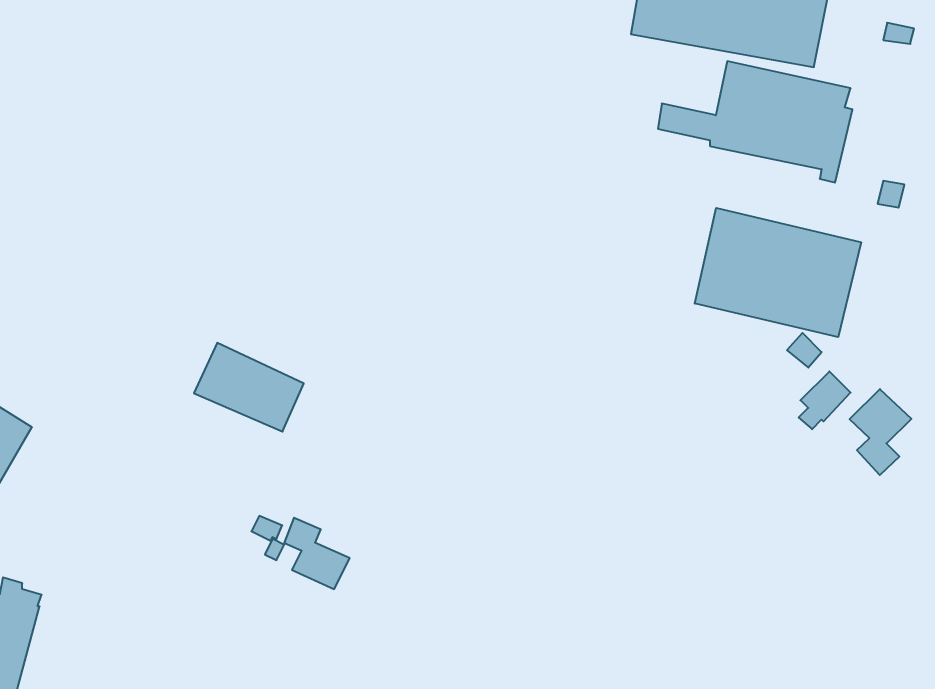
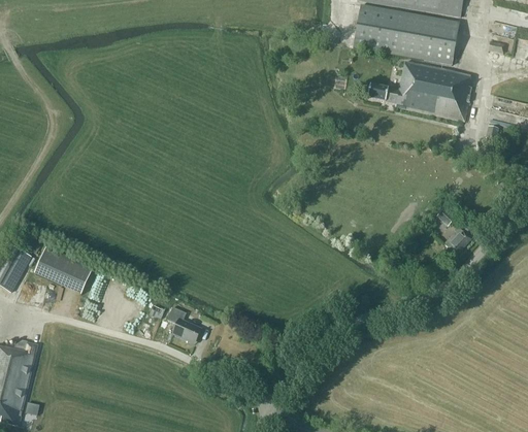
building: [695,208,861,337] -> none
building: [194,343,304,432] -> [34,245,93,293]
building: [850,389,911,475] -> none

